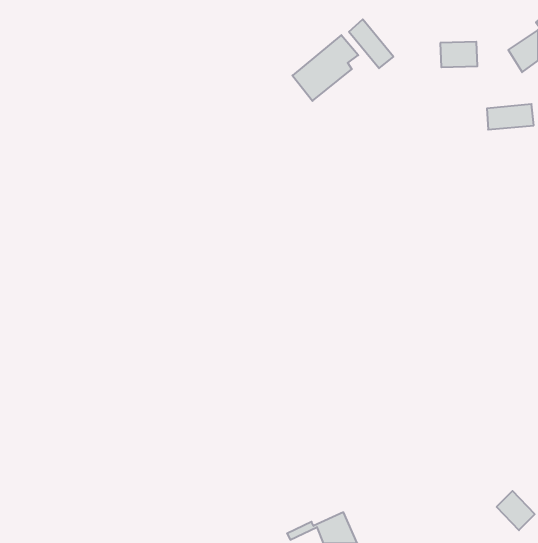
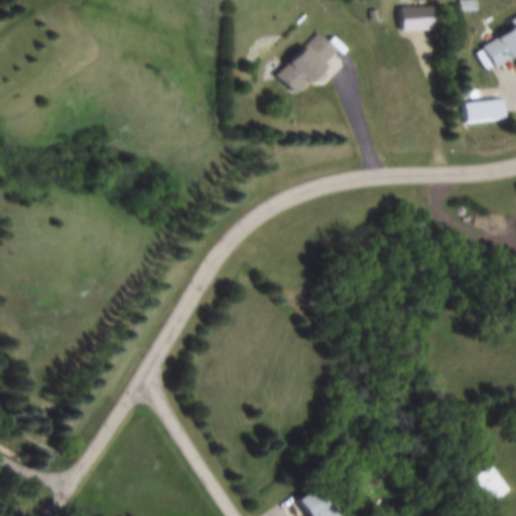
building: [349,19,393,68] -> none
building: [440,42,477,67] -> [401,6,436,30]

